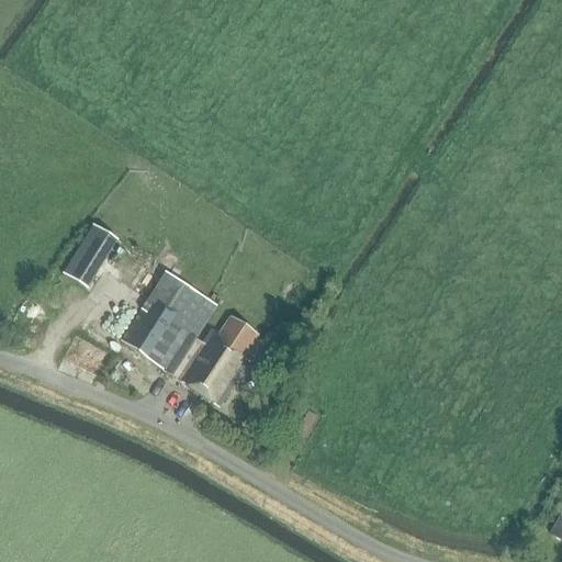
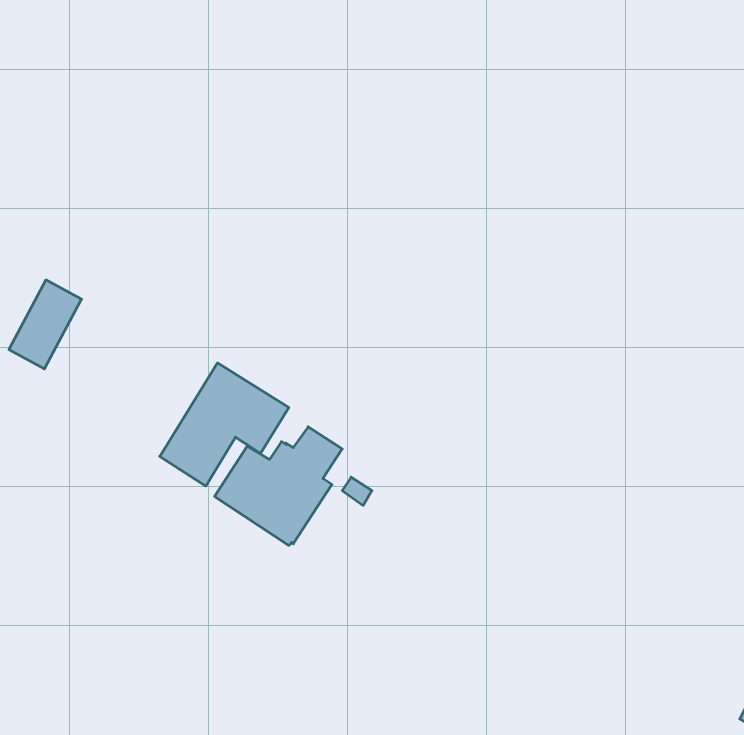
building: [68,218,122,284] -> [9,280,82,369]

